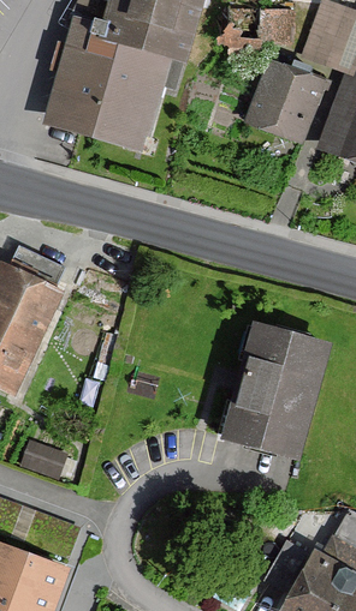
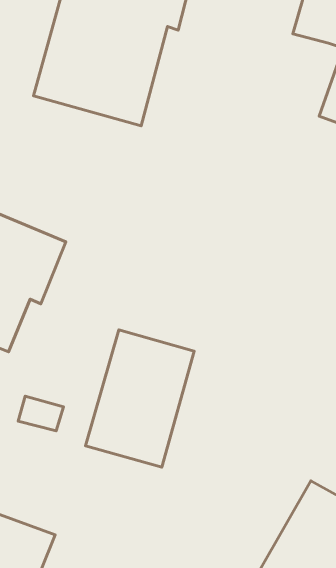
building: [248,62,336,152] -> none
building: [220,317,330,455] -> [85,330,194,467]

